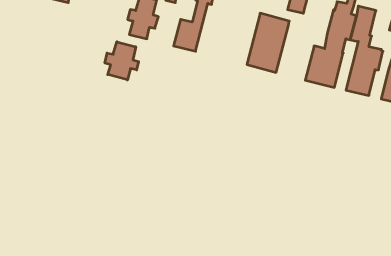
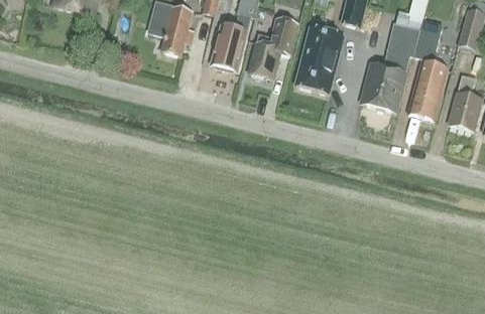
building: none -> [249,17,299,79]
building: [105,42,139,80] -> none

